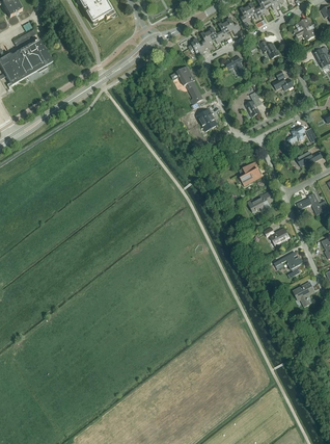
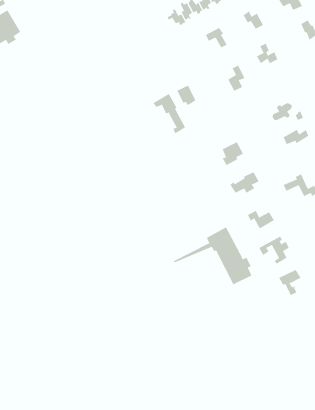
building: [171,64,202,103] -> [153,93,186,134]
building: none -> [173,226,252,285]

